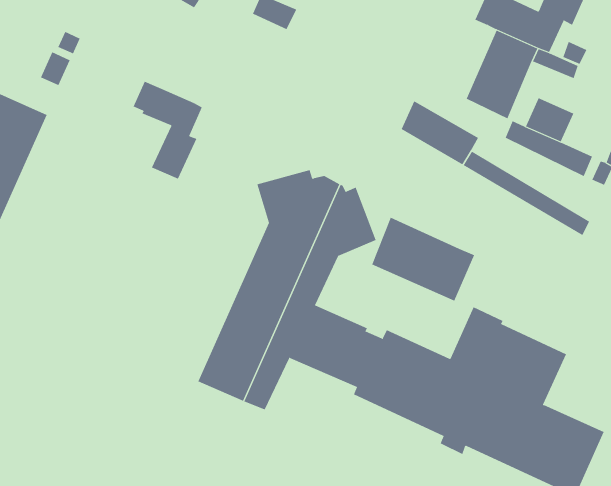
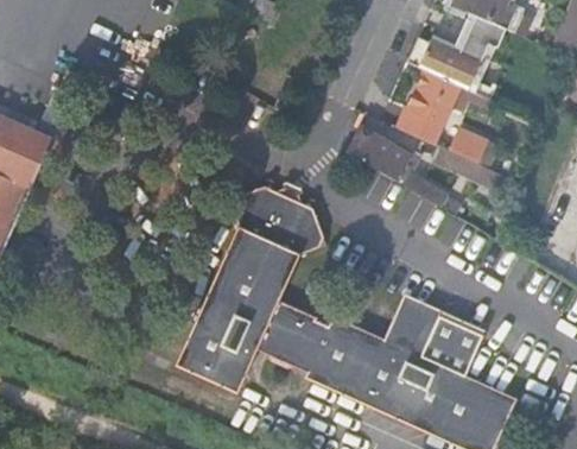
building: [133,81,203,180] -> none
building: [372,217,475,302] -> none

